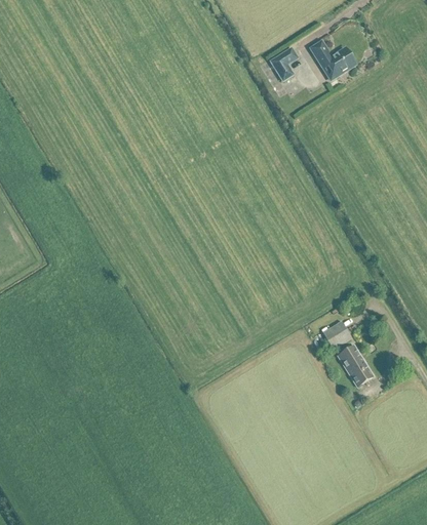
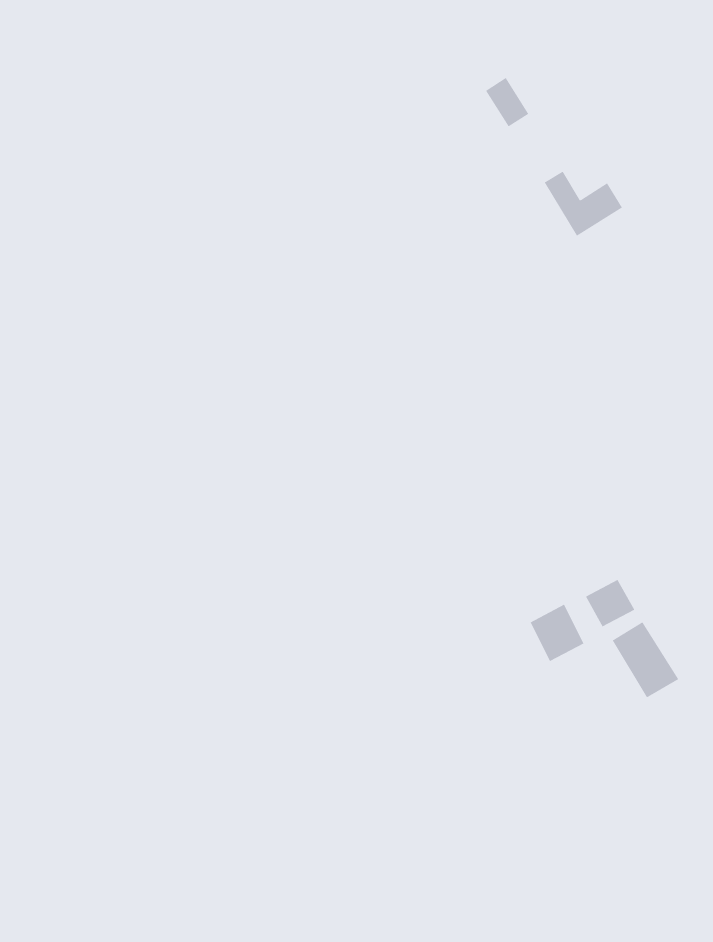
building: [310,41,352,76] -> [544,171,623,236]
building: none -> [530,604,584,662]

